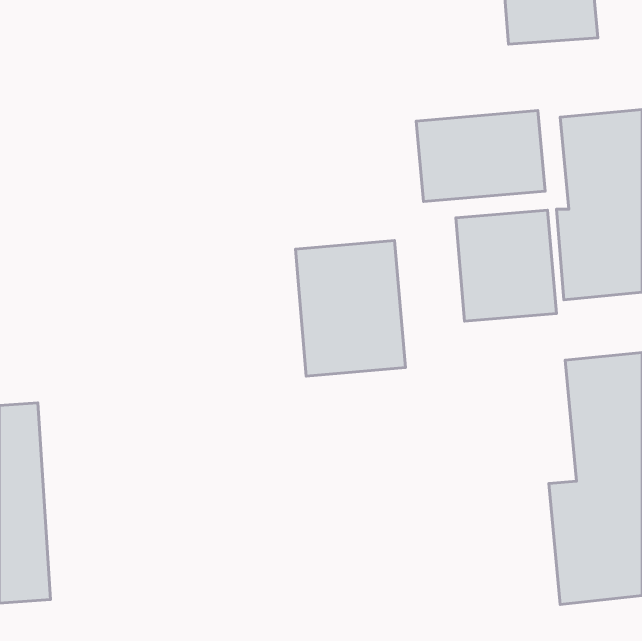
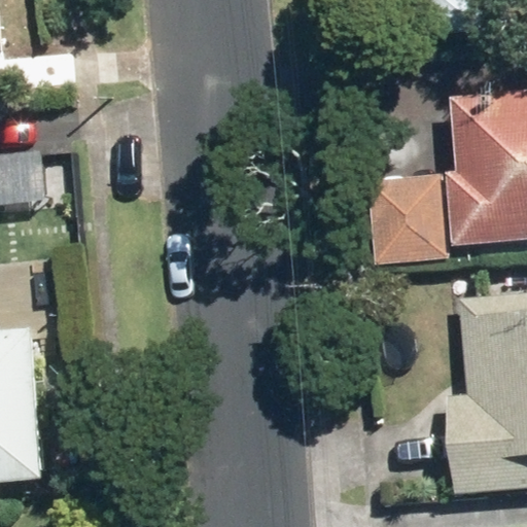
building: [416,111,545,202] -> none
building: [295,240,405,376] -> none

